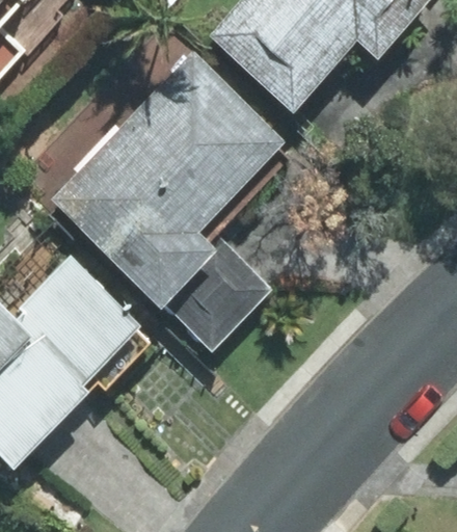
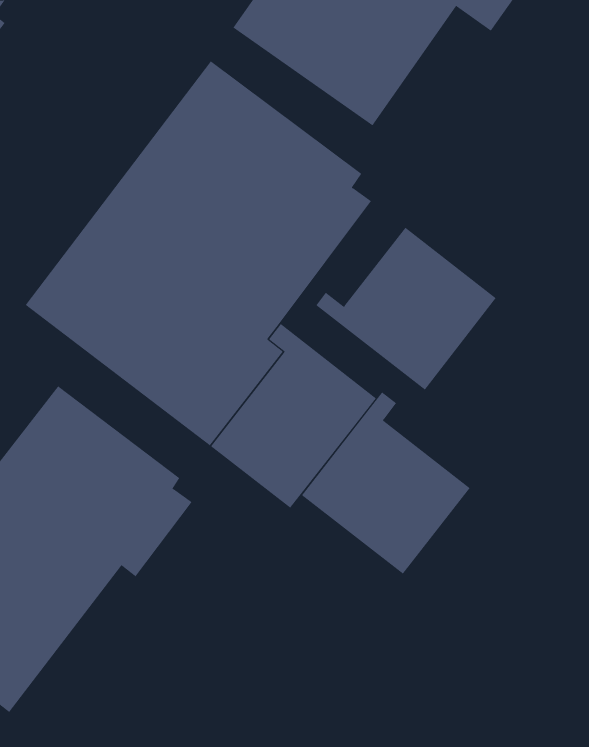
building: none -> [316,227,497,390]
building: none -> [301,392,471,575]

